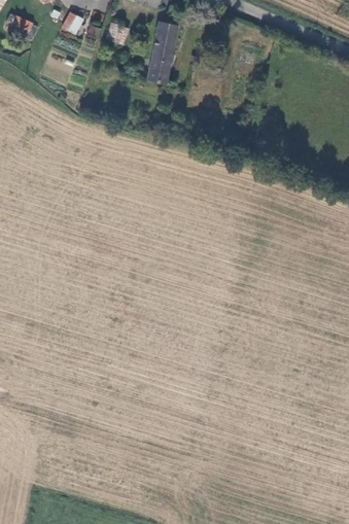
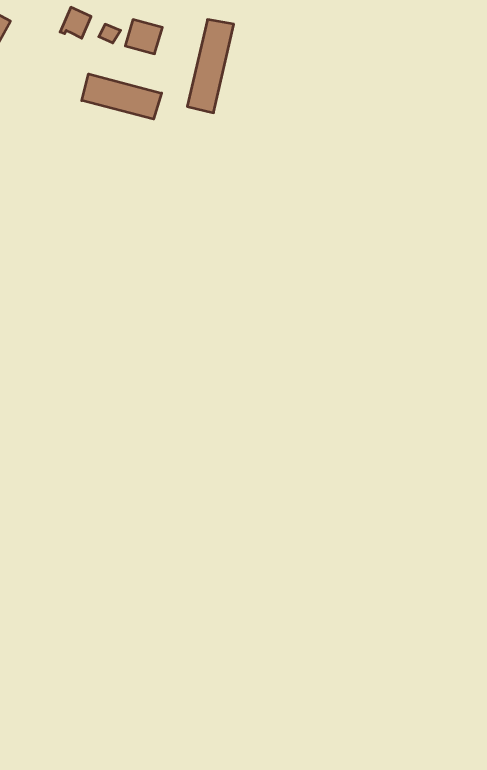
building: none -> [82,74,162,119]

